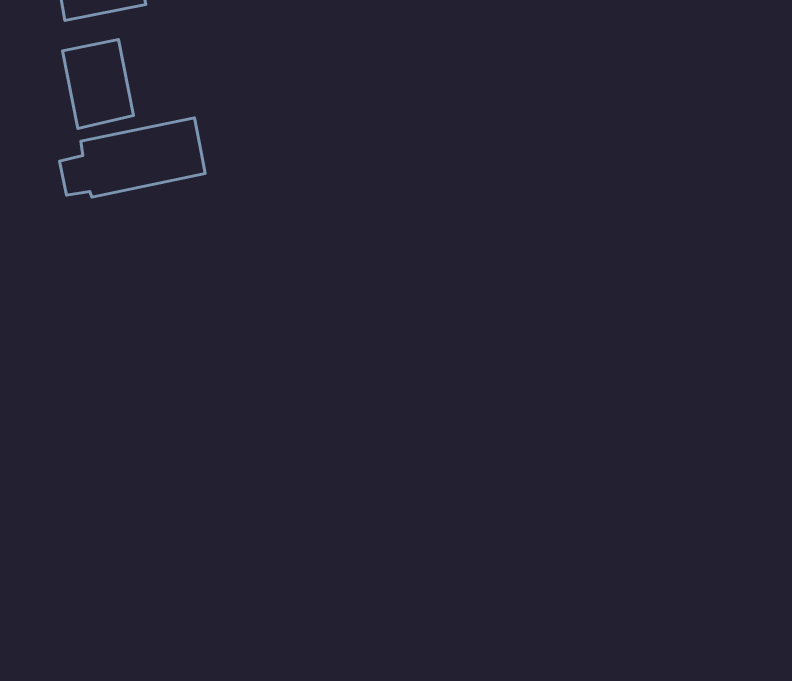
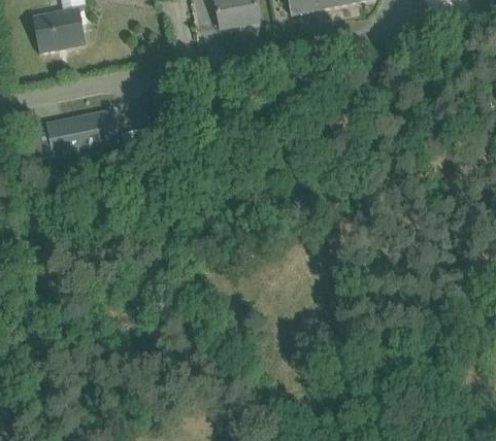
building: [62,39,133,129] -> none

